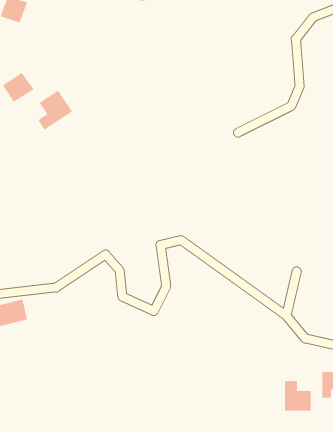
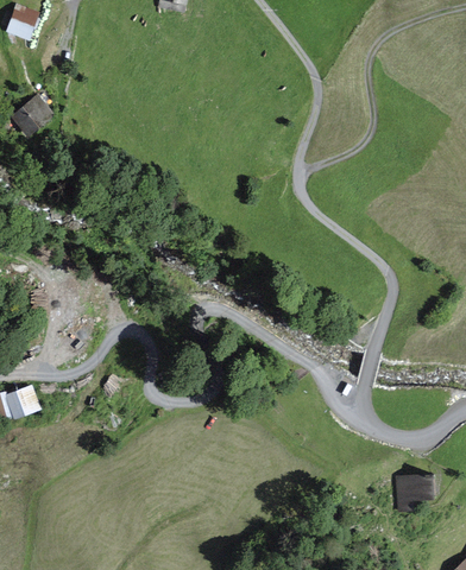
building: [38,90,73,130] -> none
building: [285,380,311,411] -> none

